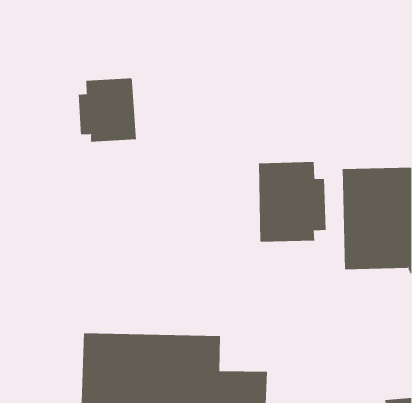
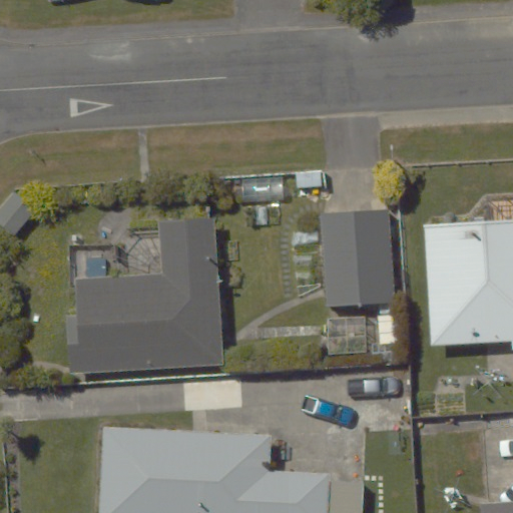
building: [78,77,136,143] -> none
building: none -> [65,216,226,377]

